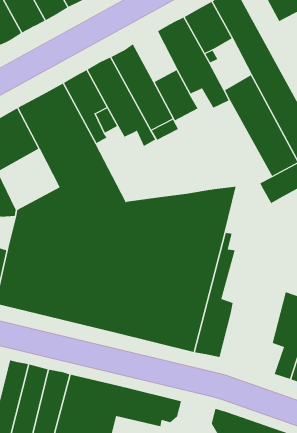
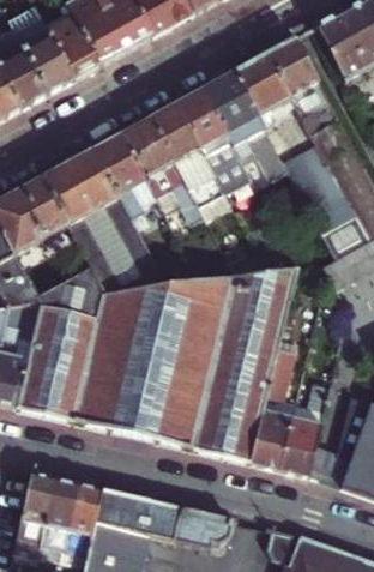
building: none -> [176,89,227,147]
building: none -> [277,356,334,475]

